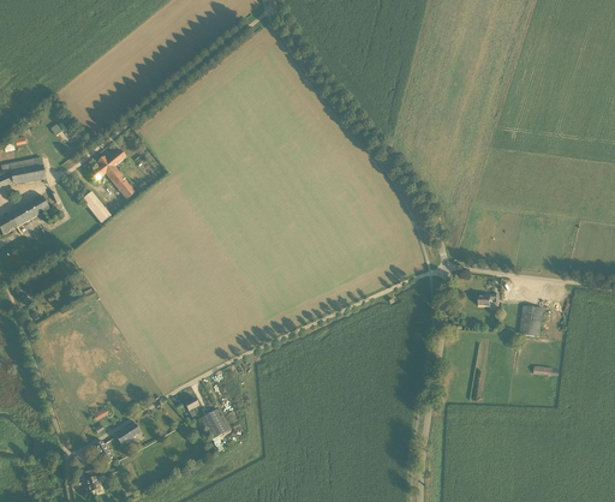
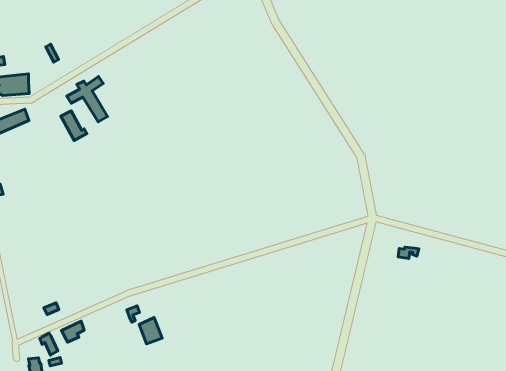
building: [520,304,543,335] -> none

